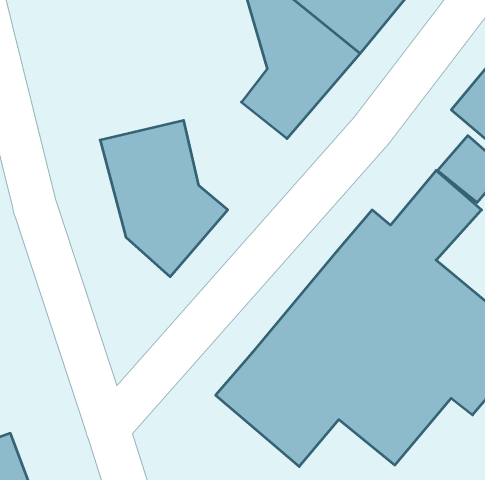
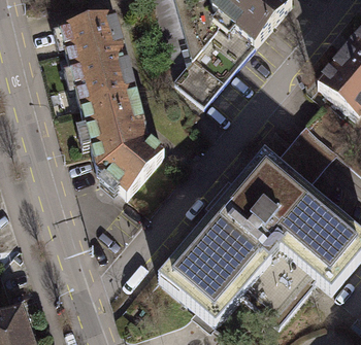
building: none -> [61,11,136,101]

